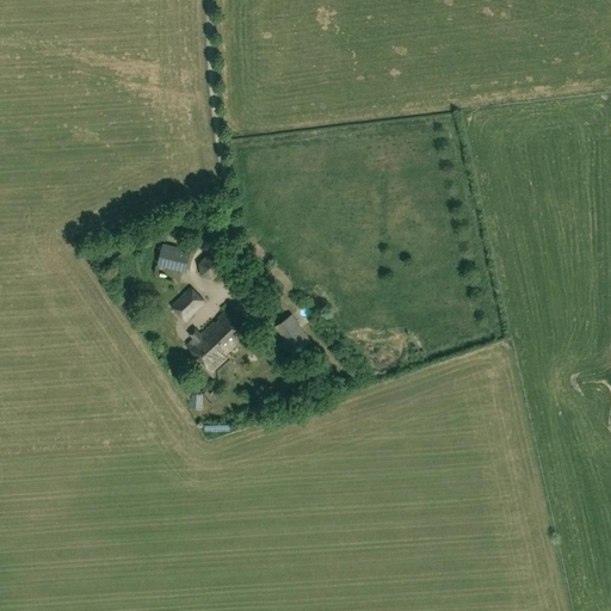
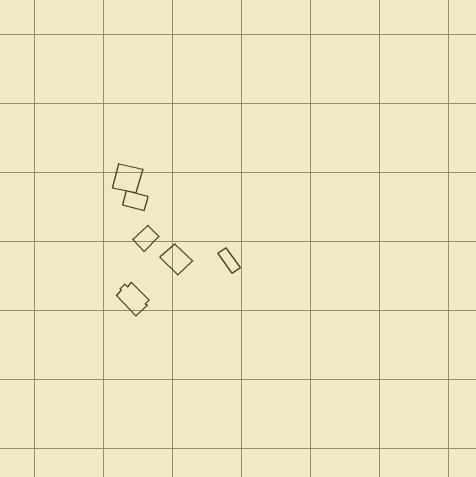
building: none -> [113,164,143,193]
building: [185,329,227,372] -> [116,282,149,316]

